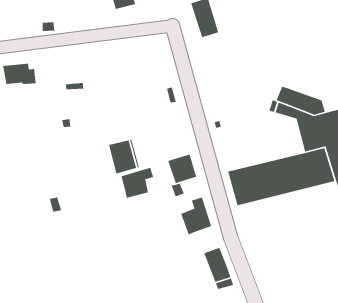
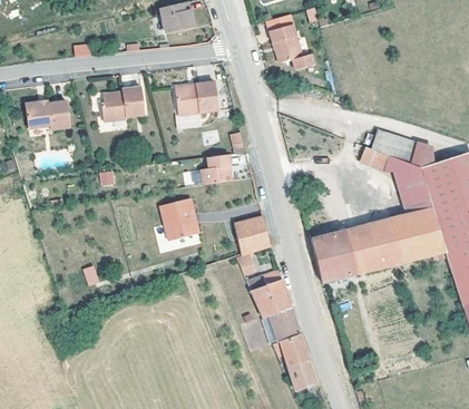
building: none -> [174,79,217,111]
building: none -> [99,85,145,119]
building: none -> [201,153,231,183]
building: [120,167,154,199] -> none
building: none -> [268,308,301,341]

